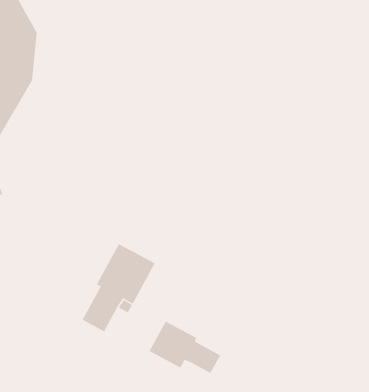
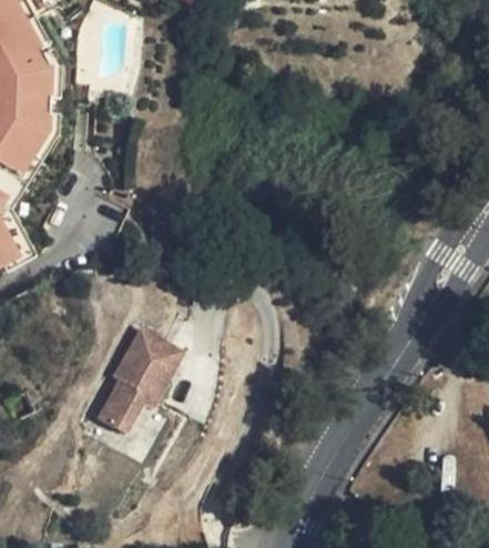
building: [149,321,221,374] -> none

